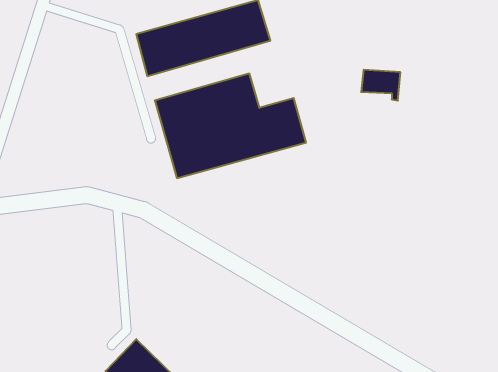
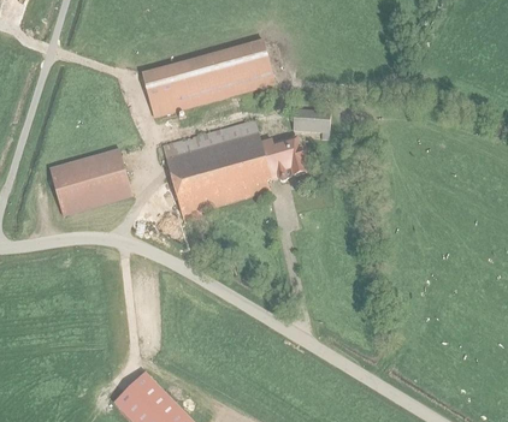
building: [361,70,400,101] -> [291,108,330,138]
building: none -> [52,148,135,214]

